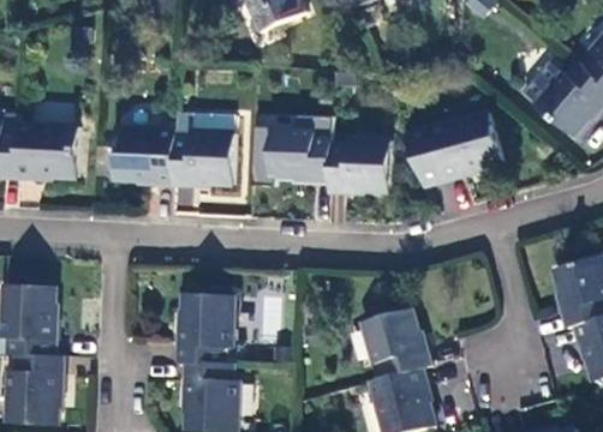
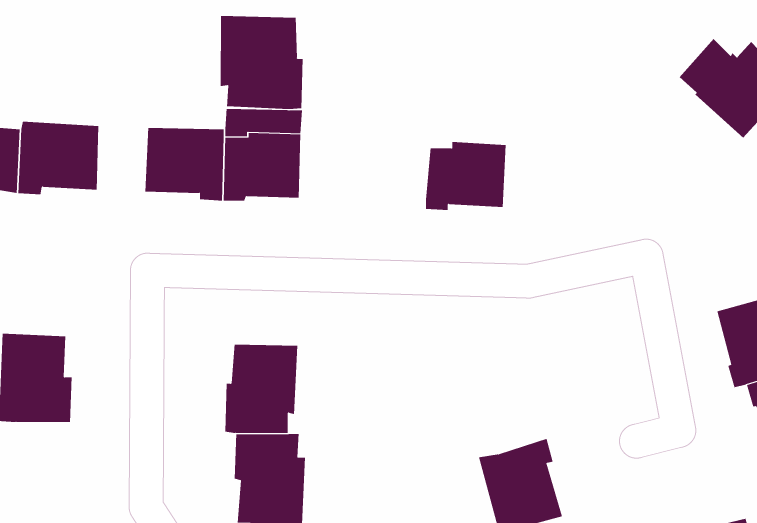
building: none -> [220,15,303,110]
building: [406,113,502,188] -> none
building: [270,127,332,184] -> none
building: [360,307,429,378] -> none
building: [7,354,62,425] -> none

